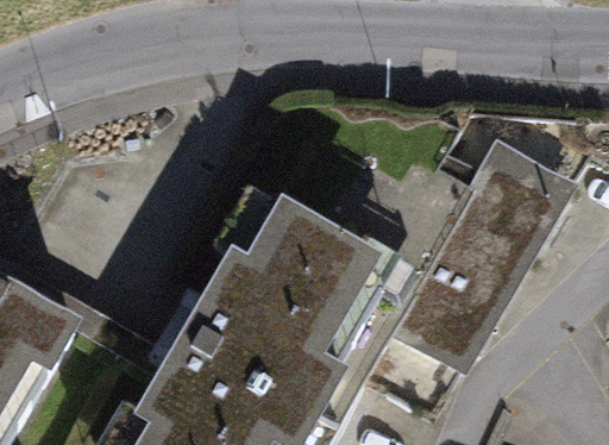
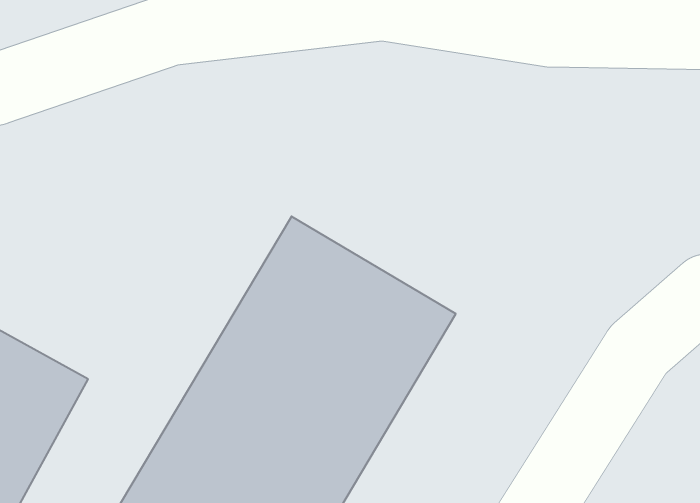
building: [407,131,594,346] -> none

